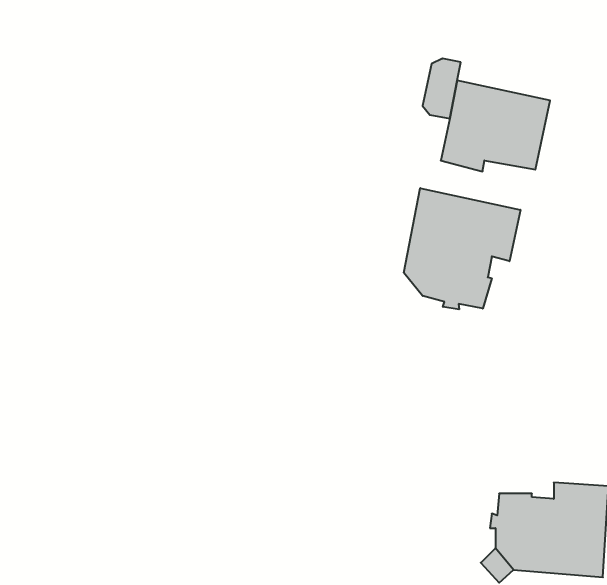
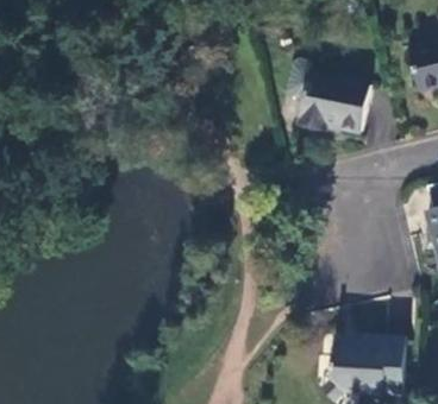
building: [404,188,520,309] -> none

